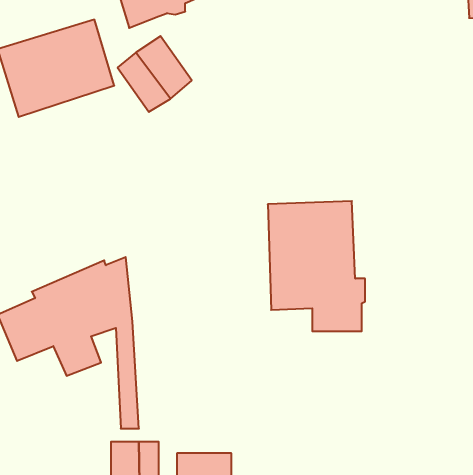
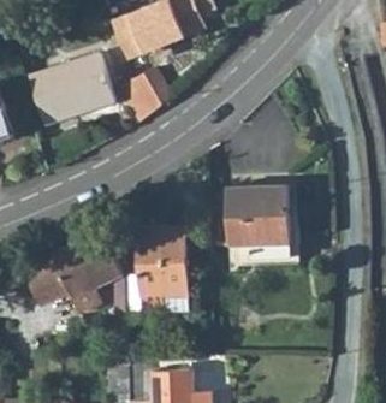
building: none -> [139,226,189,296]

